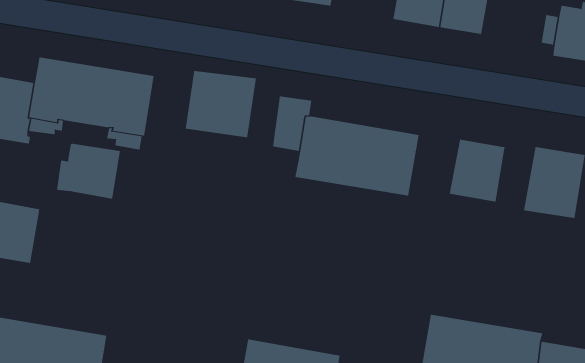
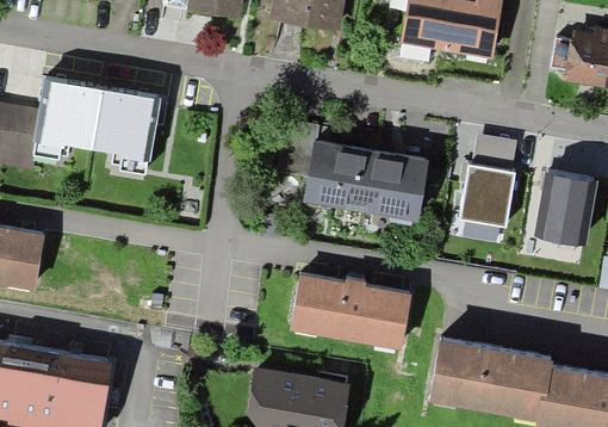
building: [185,70,256,138] -> none
building: none -> [472,131,517,171]
building: [57,143,120,199] -> none
building: none -> [290,273,411,348]

